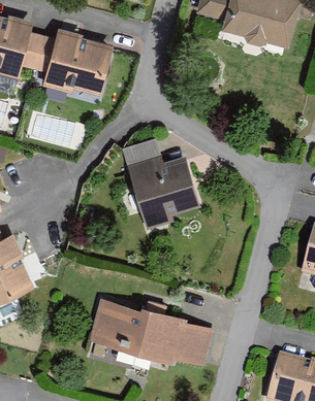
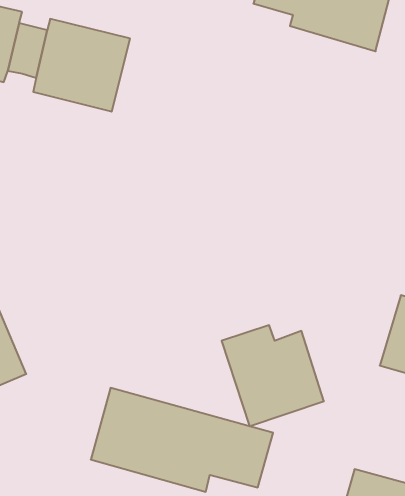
building: [125,149,200,224] -> [222,325,324,426]

